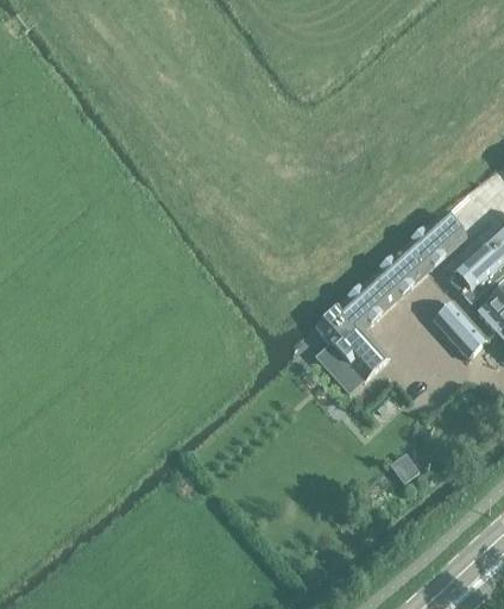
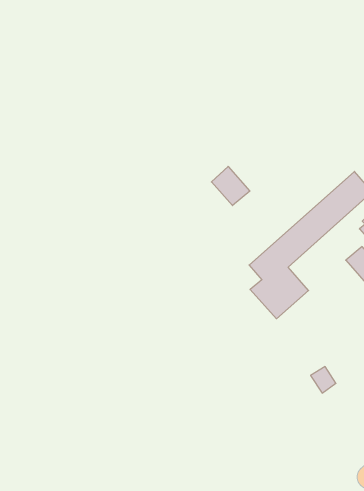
building: none -> [211,166,250,206]

